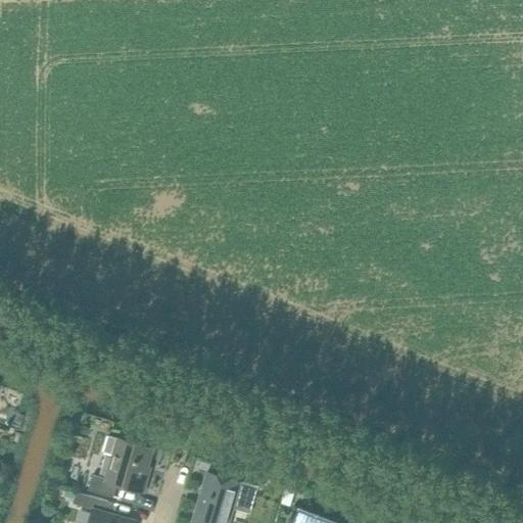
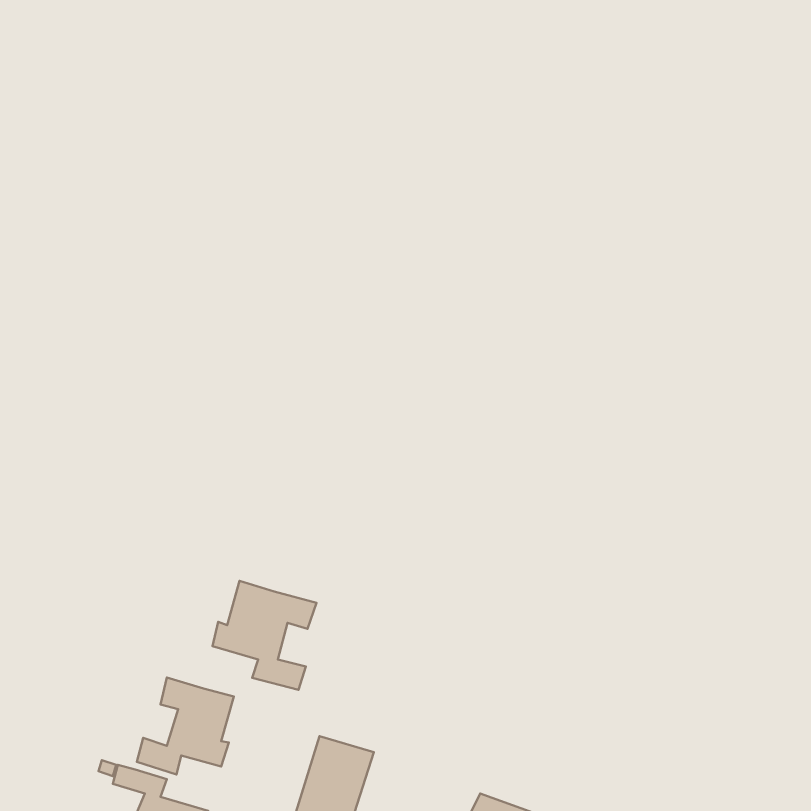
building: none -> [213,581,316,690]

